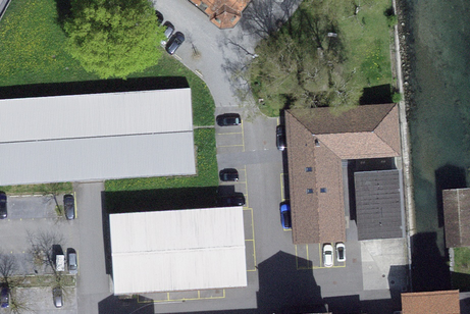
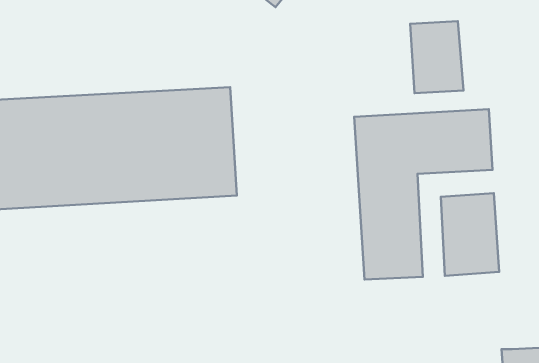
building: none -> [410,21,464,93]
building: [111,209,244,292] -> none

